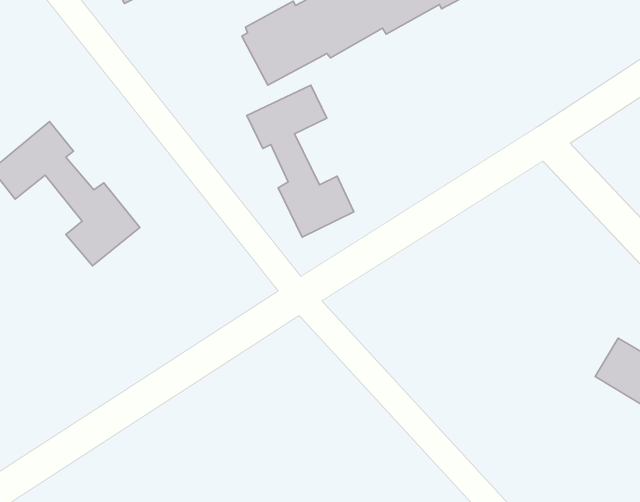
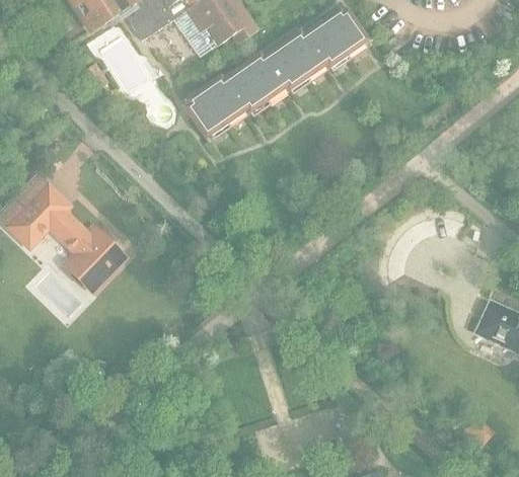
building: [247,85,354,237] -> none

